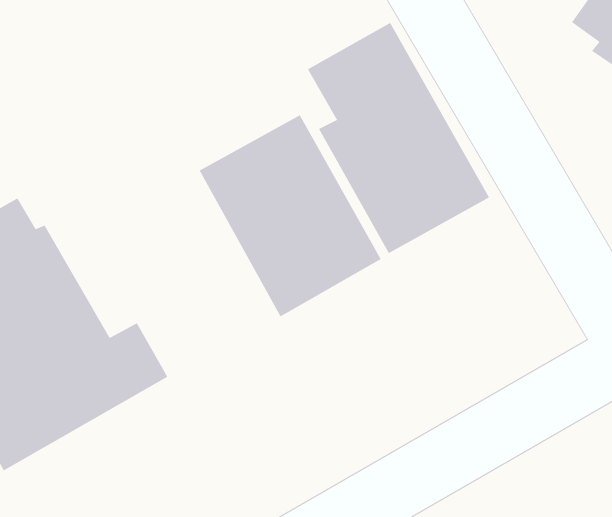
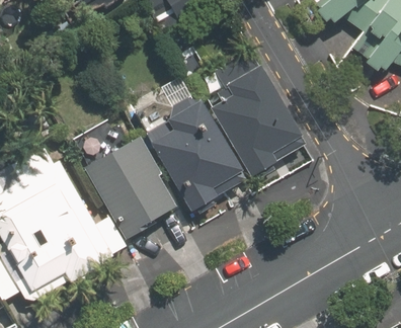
building: none -> [86,135,176,238]

